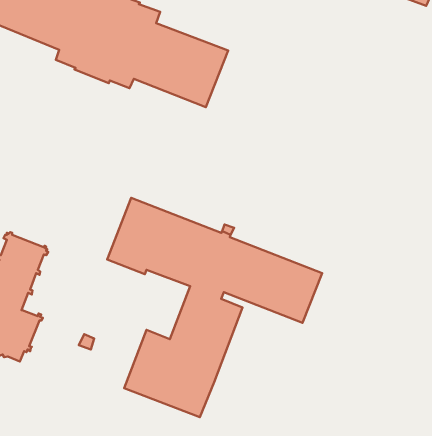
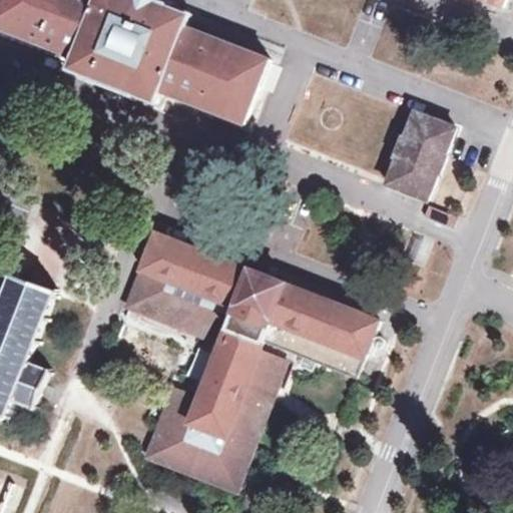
building: none -> [383,111,452,199]

